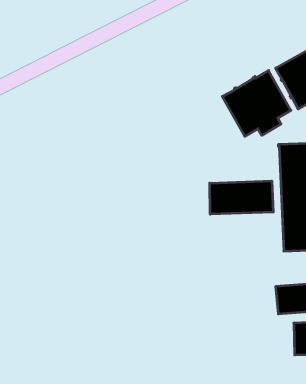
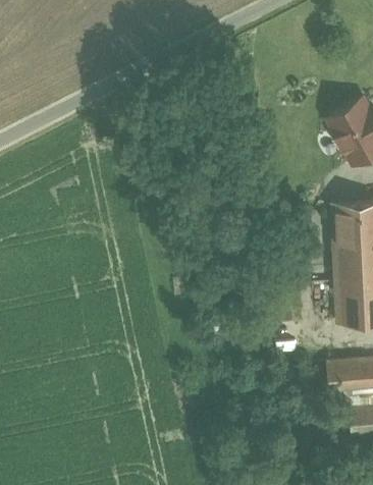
building: [222,70,291,136] -> none
building: [210,181,273,214] -> none

